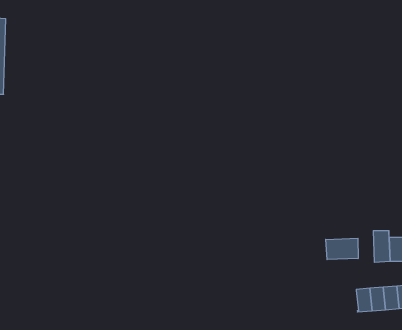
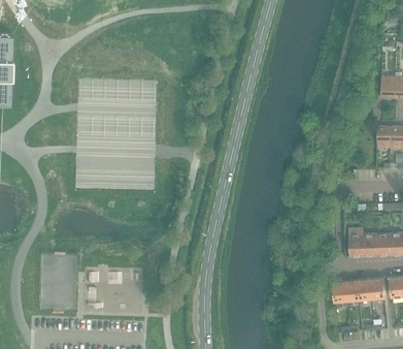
building: [326,238,358,260] -> none

